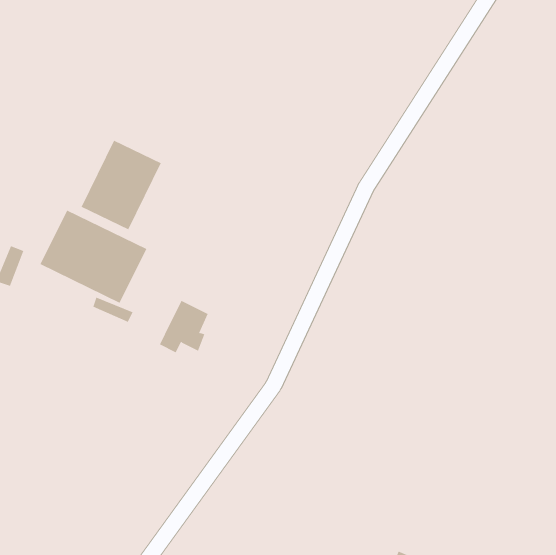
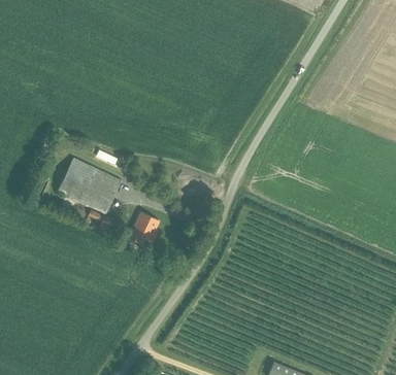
building: [81,140,161,230] -> none

